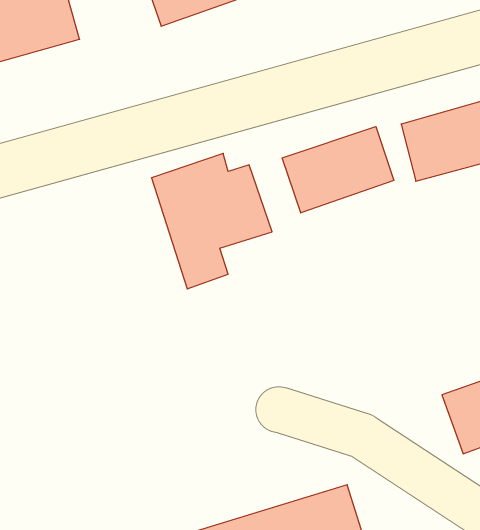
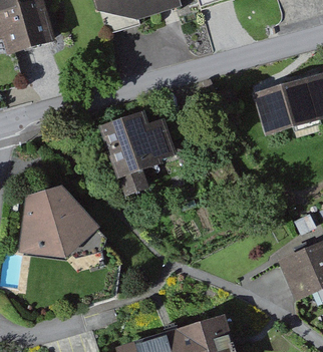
building: [282,127,394,213] -> none
building: none -> [19,186,96,256]

